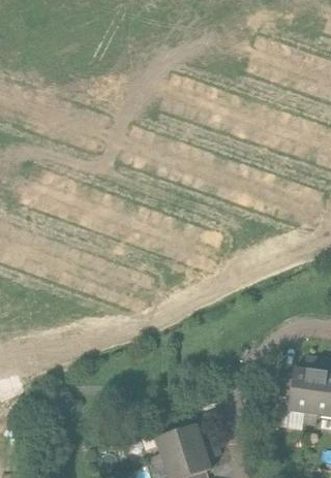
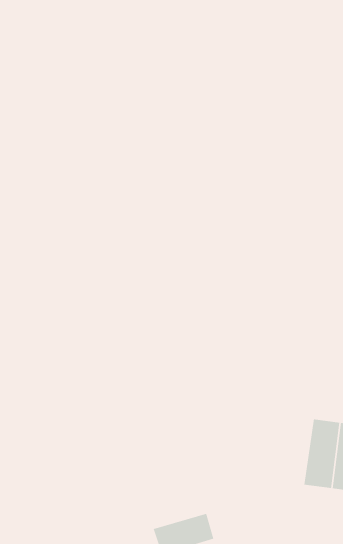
building: [151,423,203,458] -> none

